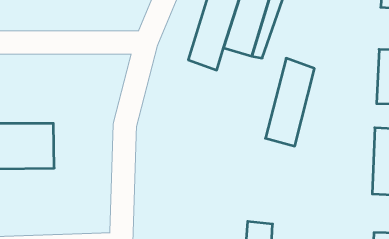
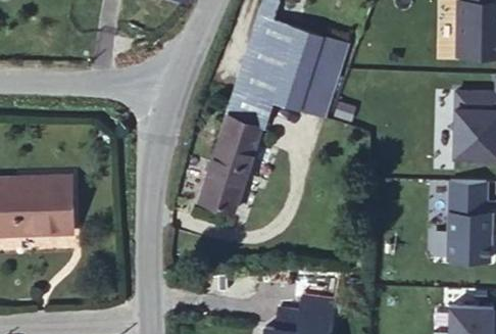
building: [265,58,314,146] -> [205,104,263,208]

